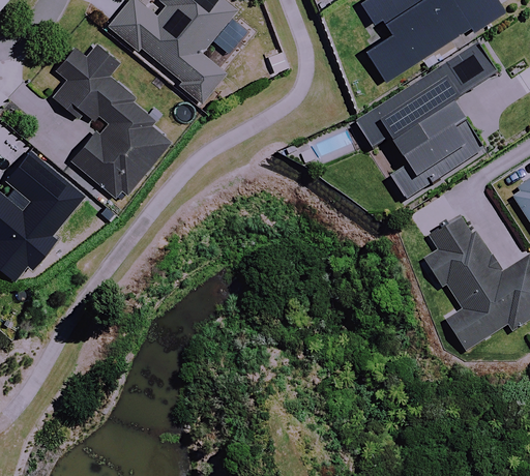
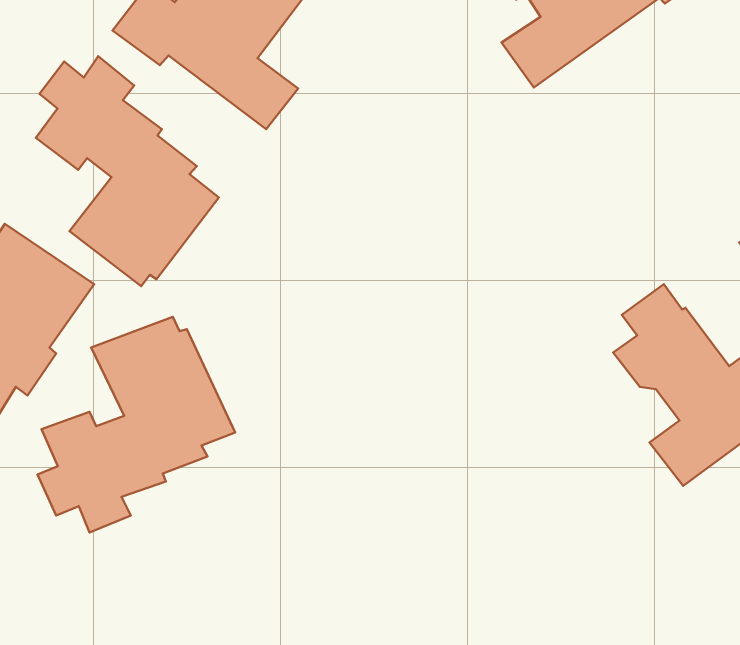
building: [354,43,496,197] -> none
building: none -> [37,317,235,532]

